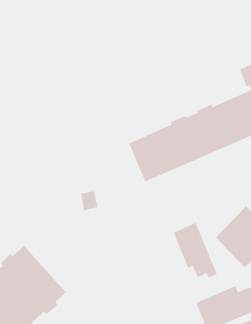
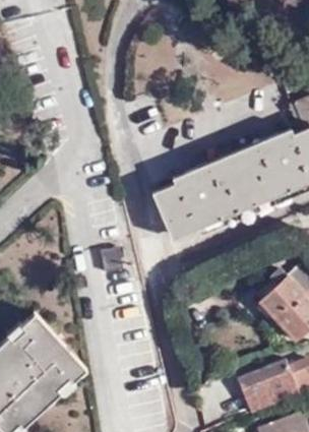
building: [173,222,217,278] -> none

